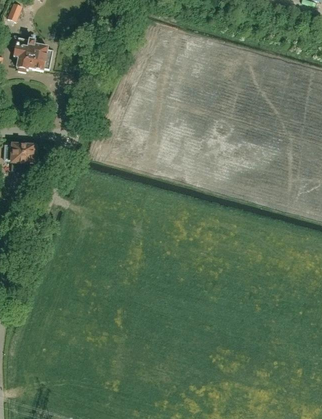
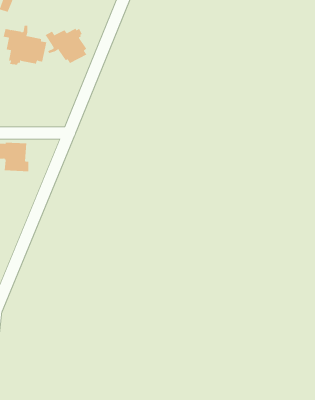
building: none -> [45,28,87,64]

